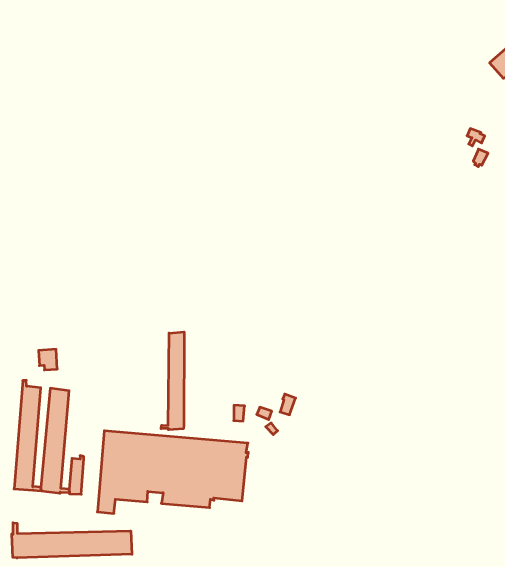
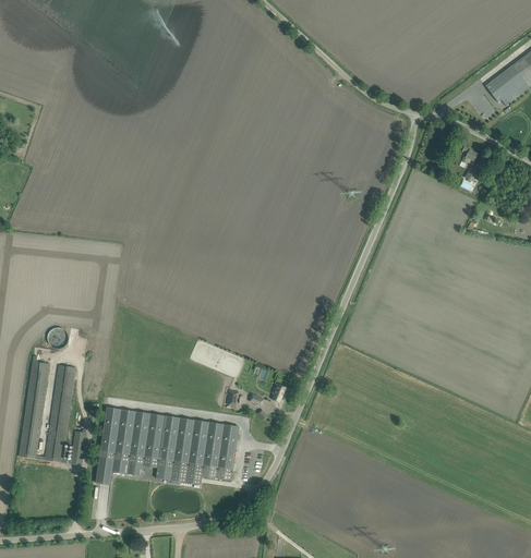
building: [161,332,184,430] -> none
building: [12,523,132,558] -> none

